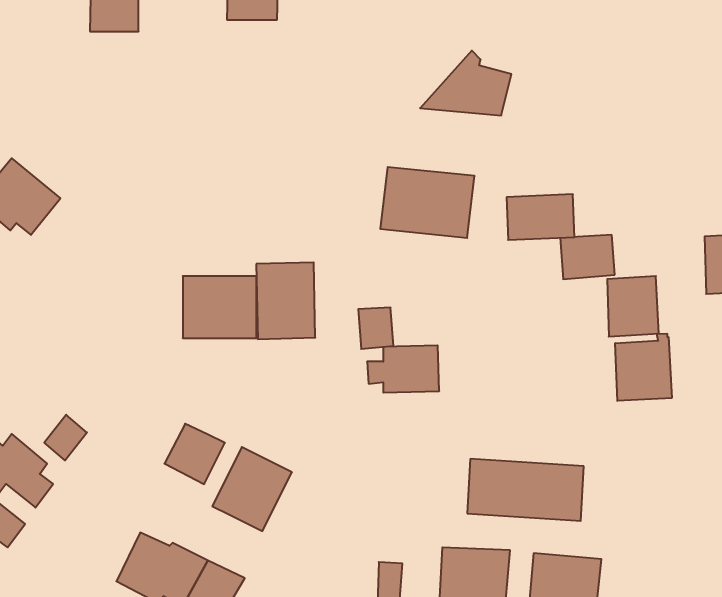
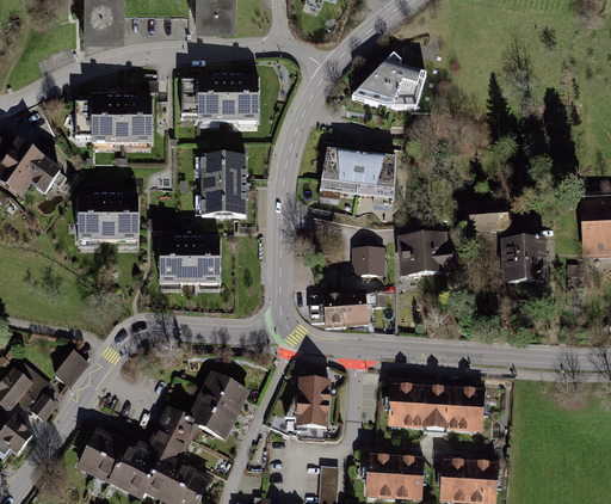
building: none -> [181,78,253,119]
building: none -> [76,98,148,140]
building: [507,194,574,240] -> [407,238,462,275]
building: none -> [79,193,138,244]
building: [256,262,315,339] -> [198,154,246,216]
building: [358,308,394,349] -> [352,244,381,277]
building: [615,334,672,401] -> none
building: [164,424,225,484] -> [149,412,198,461]
building: none -> [296,376,329,428]
building: none -> [75,426,125,481]

